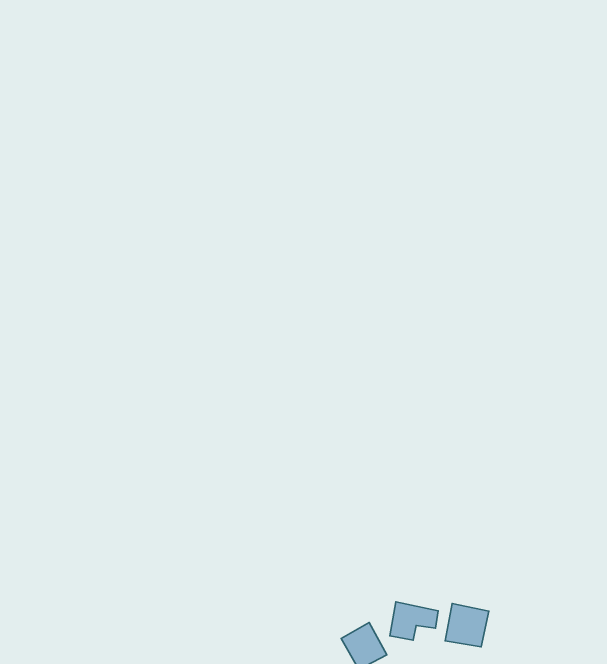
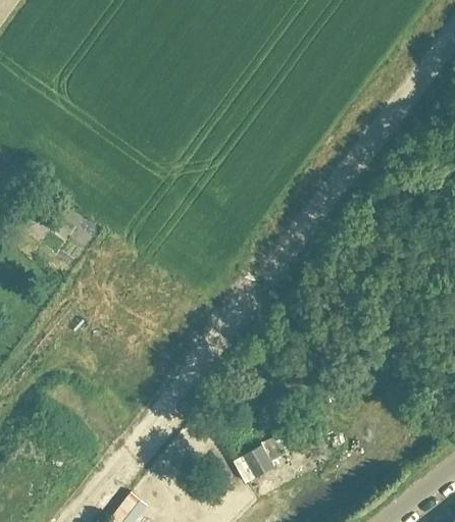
building: [445,603,489,647] -> none

